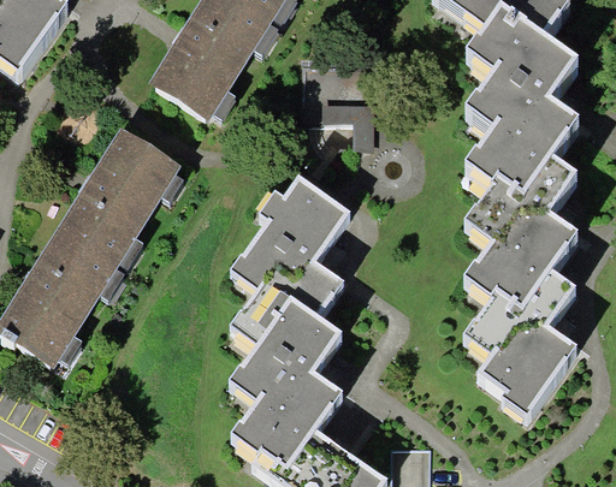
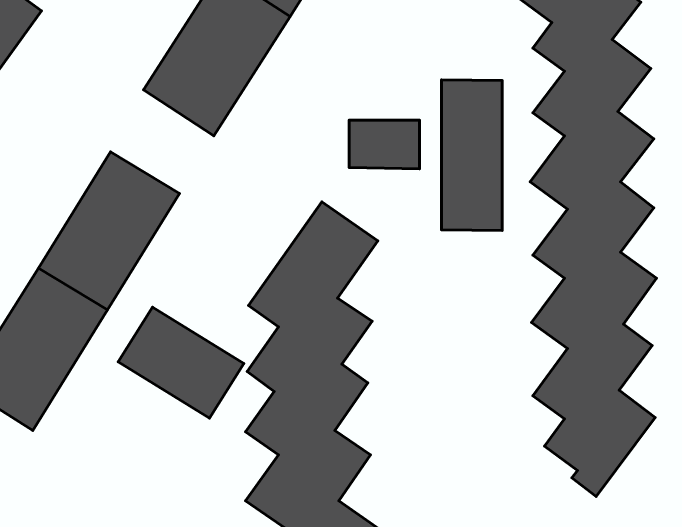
building: none -> [441,80,502,231]
building: none -> [118,307,244,418]

